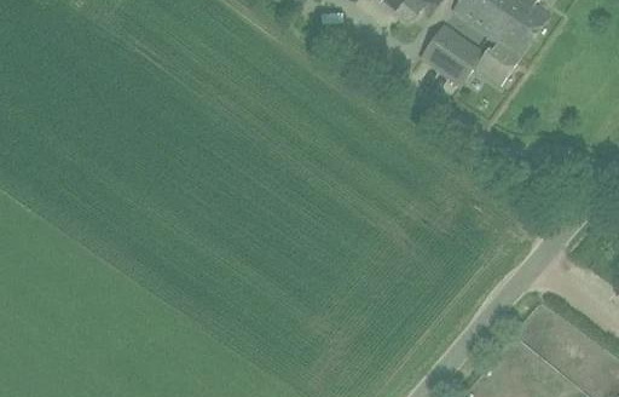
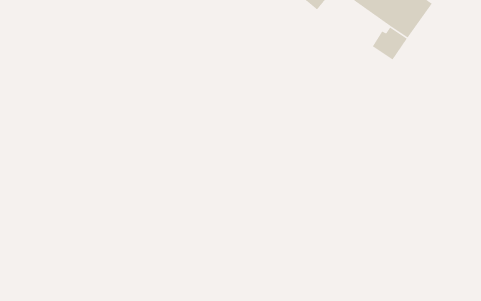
building: [421,25,481,84] -> none

